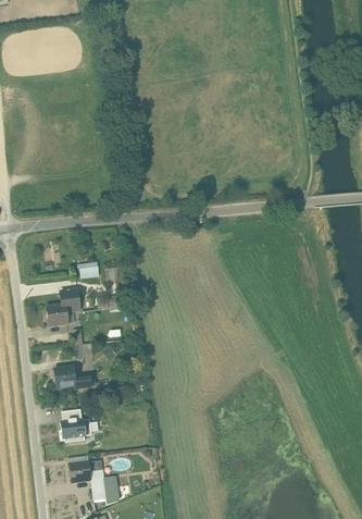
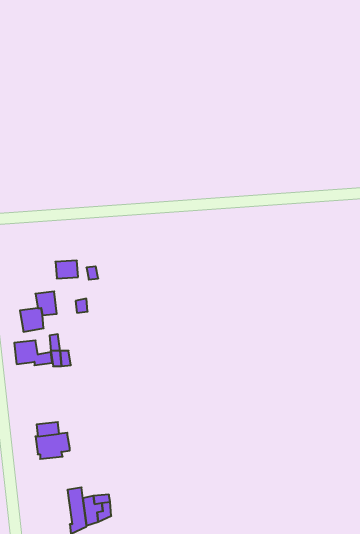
building: [53,366,88,388] -> [14,340,52,365]
building: [68,459,102,481] -> none

